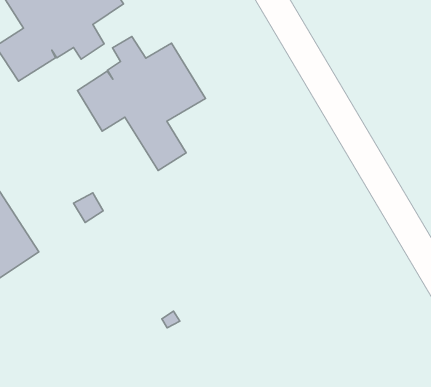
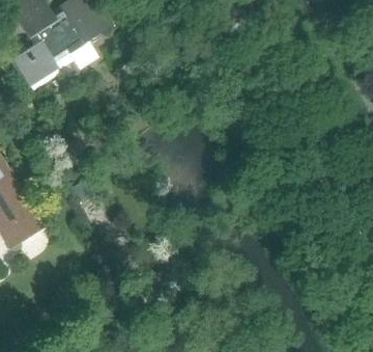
building: [77,37,206,171] -> none

